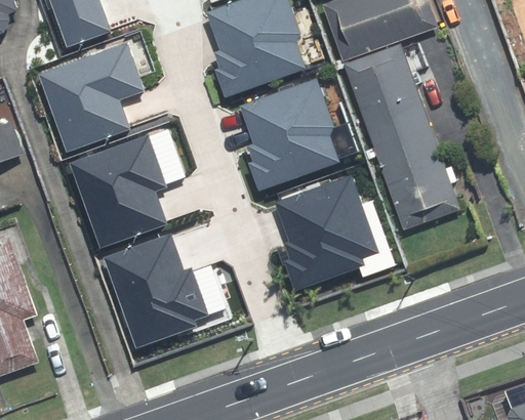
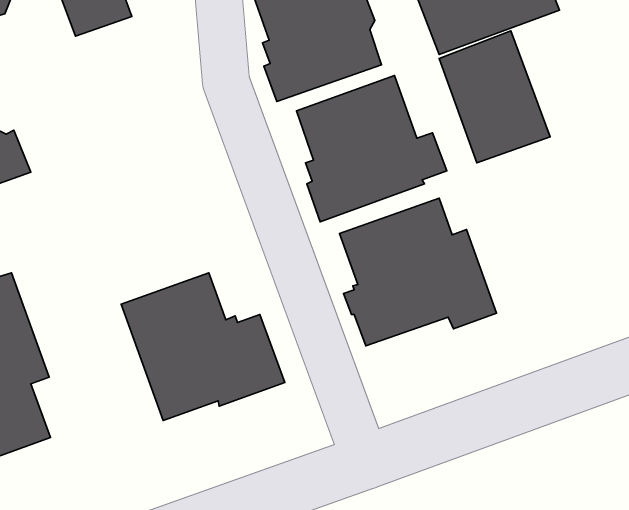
building: [35,42,142,153] -> none
building: [369,126,467,229] -> none
building: [66,129,183,249] -> none

